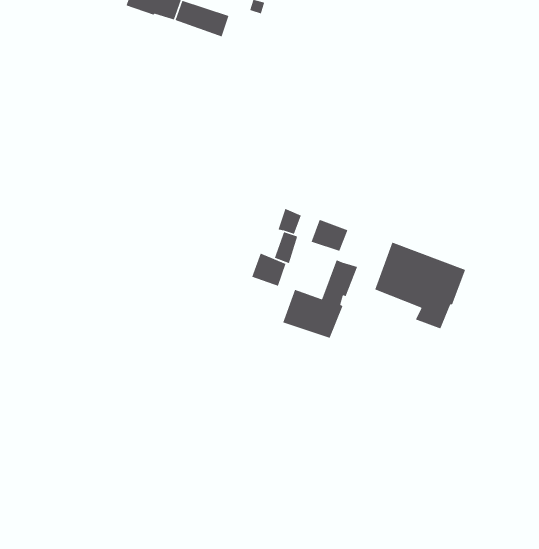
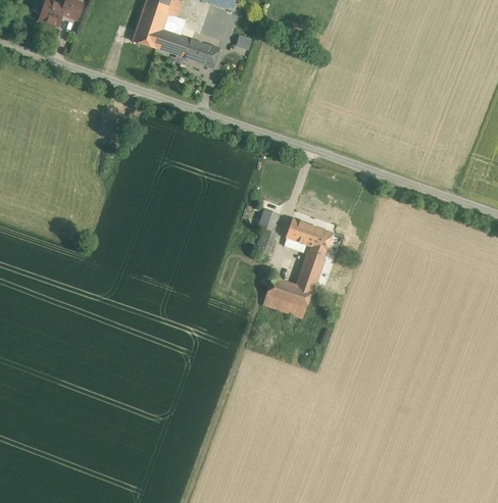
building: none -> [310,227,333,257]
building: [374,242,466,329] -> none
building: [251,253,287,287] -> none

